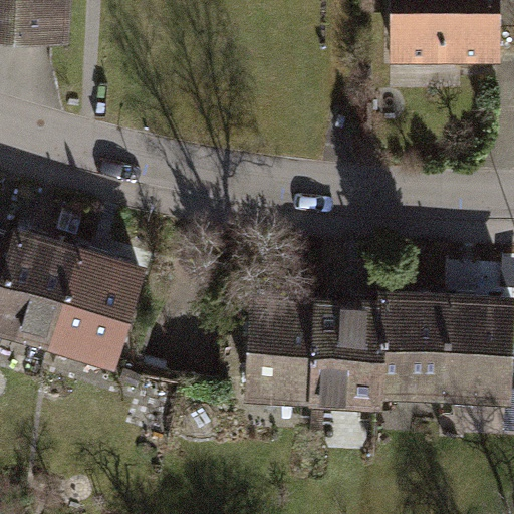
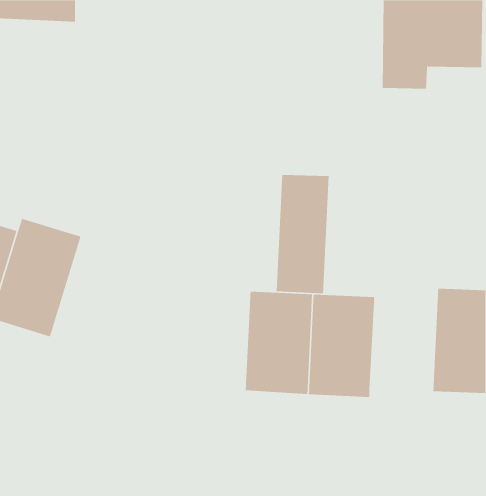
building: none -> [276,174,330,294]
building: [52,244,146,366] -> none
building: [382,294,452,405] -> none

